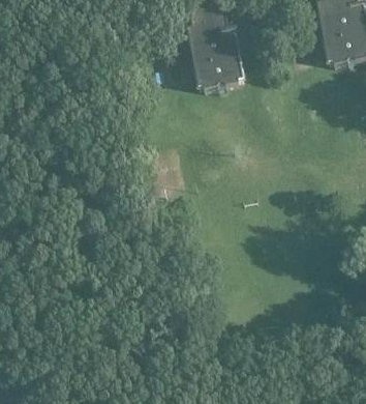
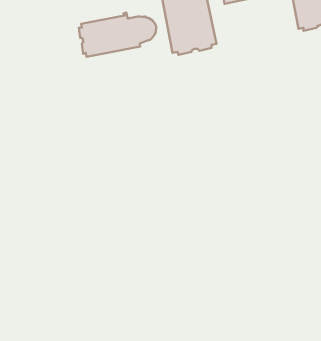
building: none -> [79,13,156,57]

